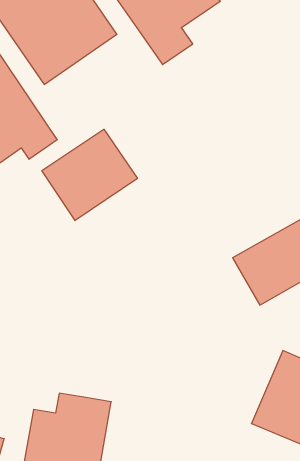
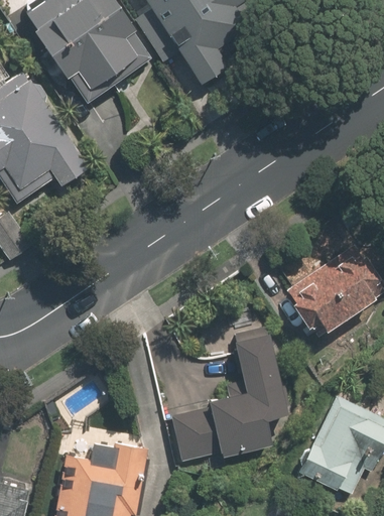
building: [42,129,137,221] -> none
building: none -> [172,317,289,462]

